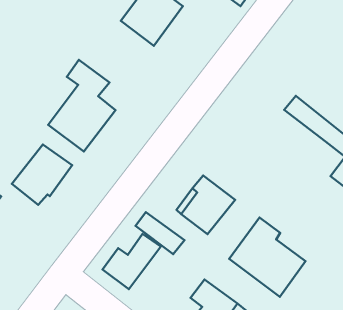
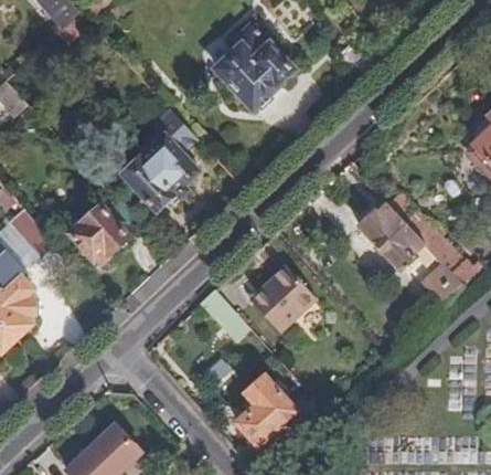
building: none -> [357,203,425,273]
building: [229,218,305,297] -> none
building: [103,234,161,289] -> none

